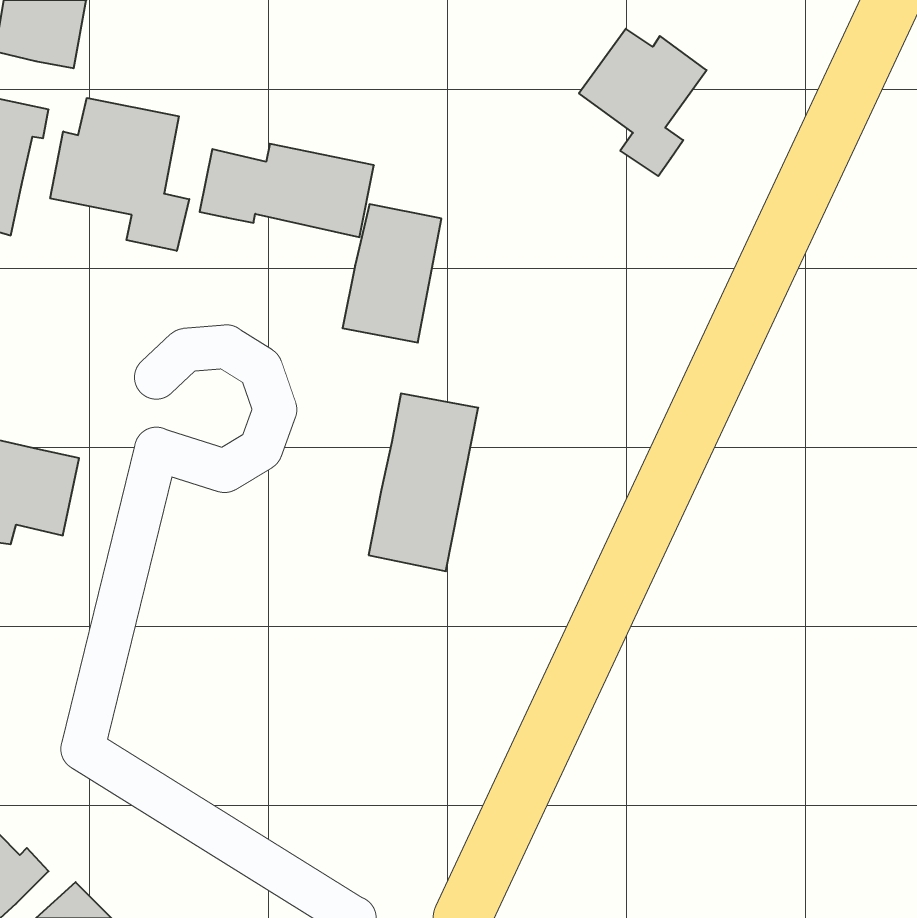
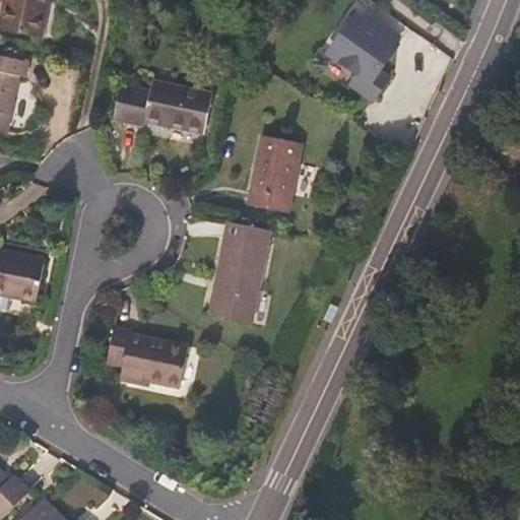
building: [50,98,189,251] -> none
building: [342,204,441,343] -> [246,135,302,213]
building: none -> [107,327,188,388]

